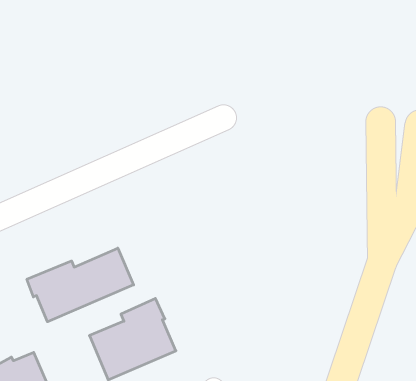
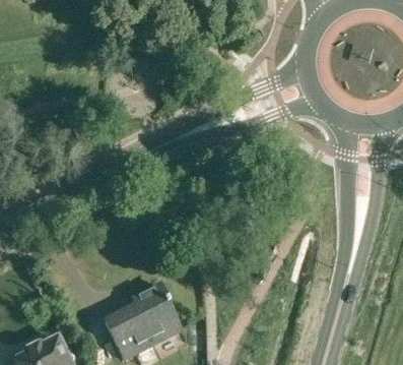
building: [27,248,134,322] -> none

